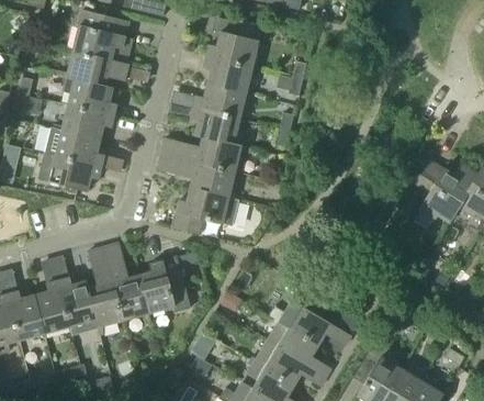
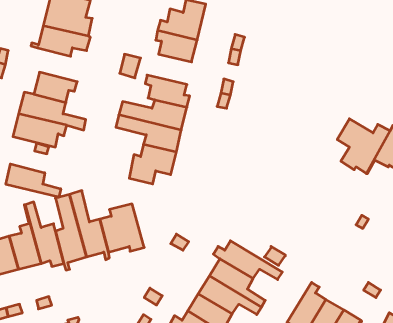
building: [63,76,114,115] -> none
building: [193,83,245,119] -> none
building: none -> [6,164,61,197]

